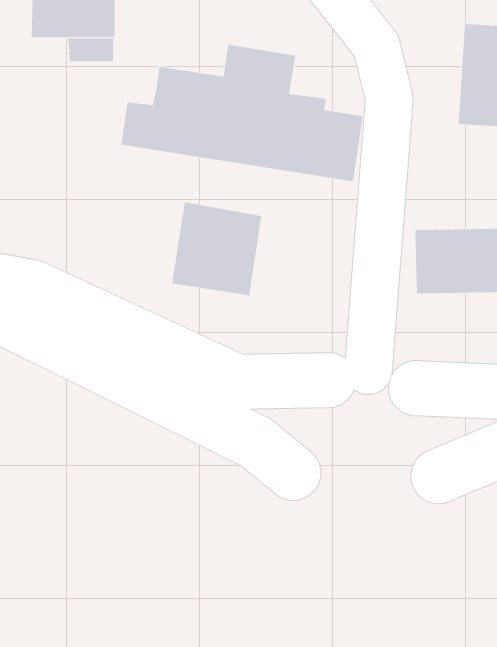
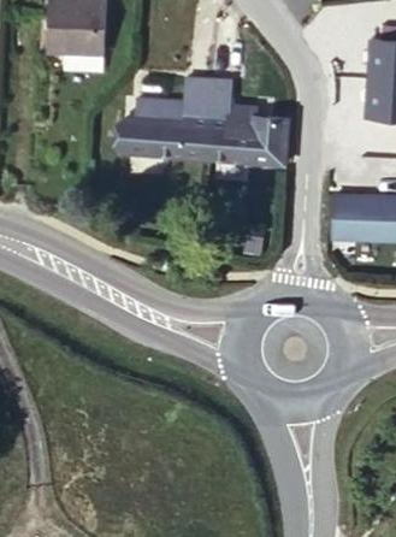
building: [172,202,262,296] -> none

